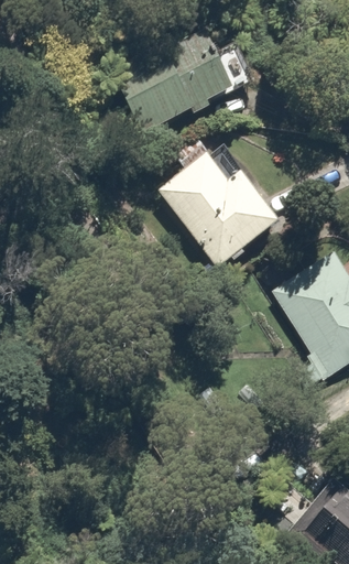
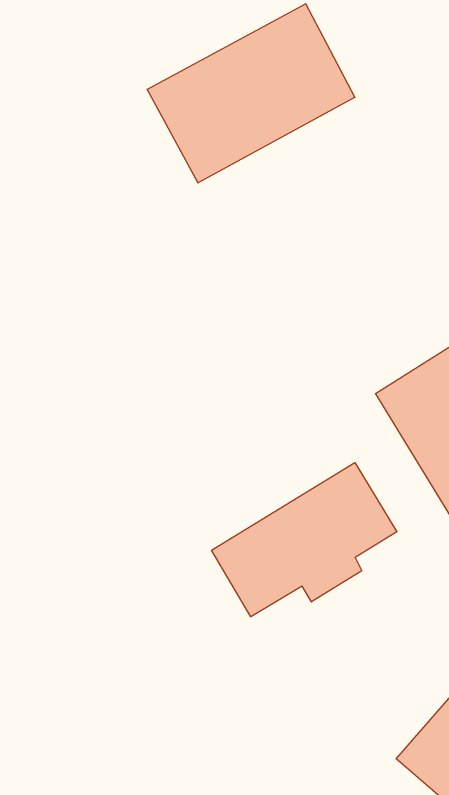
building: [163,150,273,273] -> none
building: none -> [212,463,397,617]

